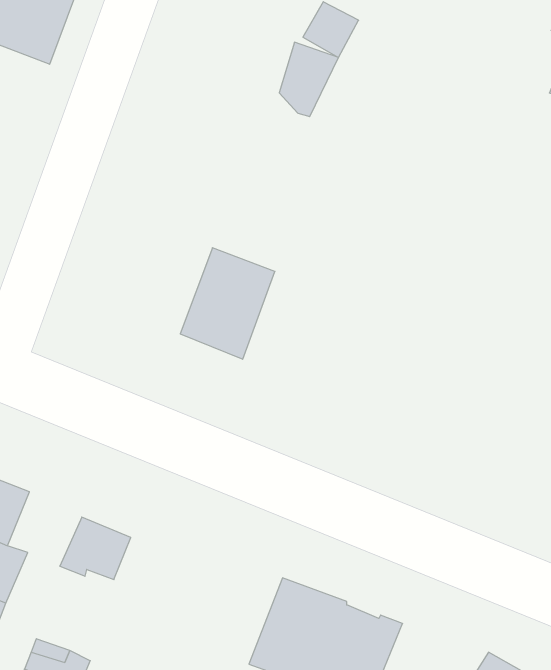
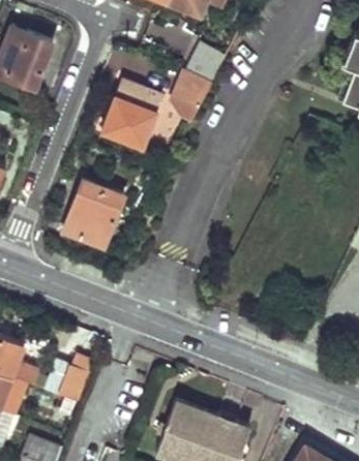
building: none -> [103,83,163,149]
building: [180,248,275,359] -> [65,182,123,250]

